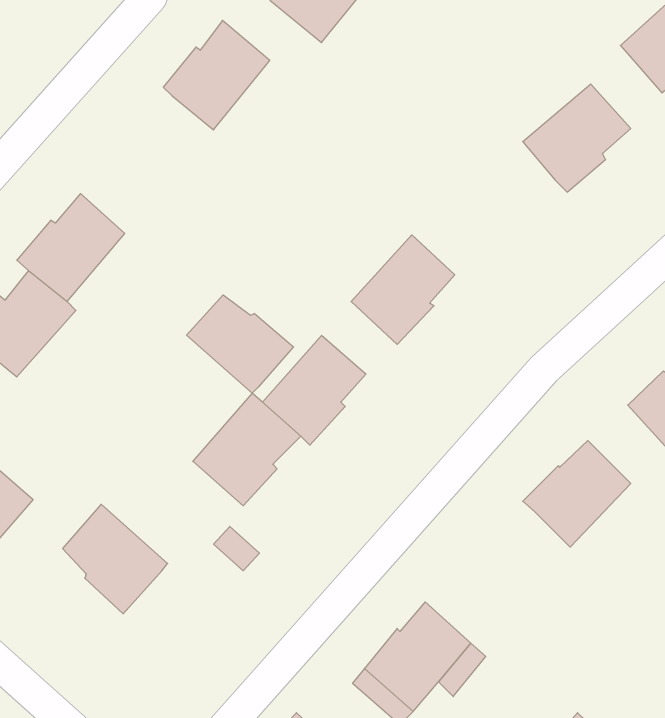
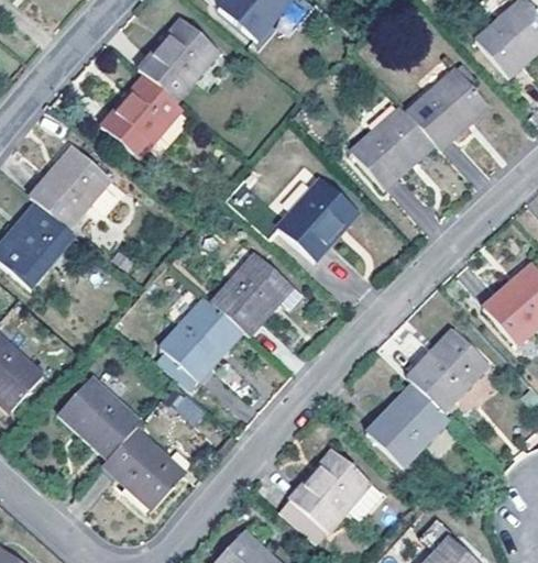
building: none -> [100,75,183,155]
building: none -> [352,103,430,185]
building: [187,295,294,393] -> none
building: none -> [366,384,449,465]
building: none -> [105,428,184,508]

